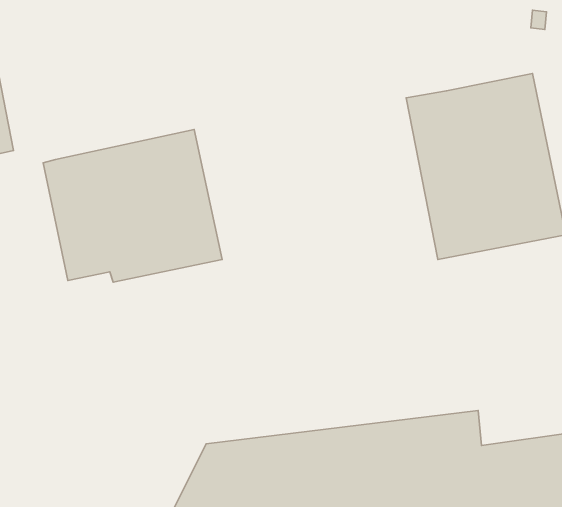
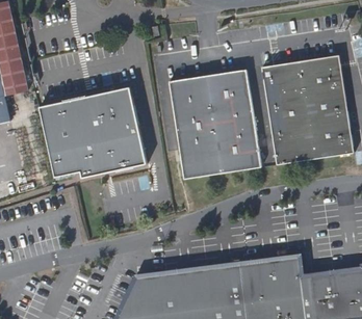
building: none -> [167,71,262,182]

